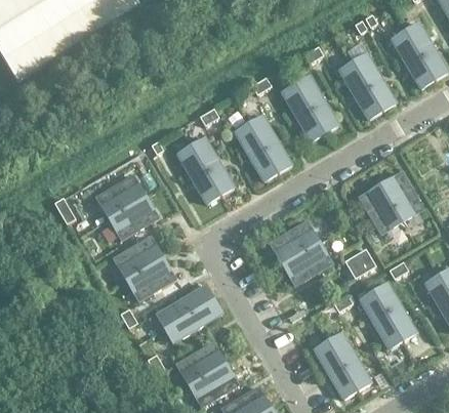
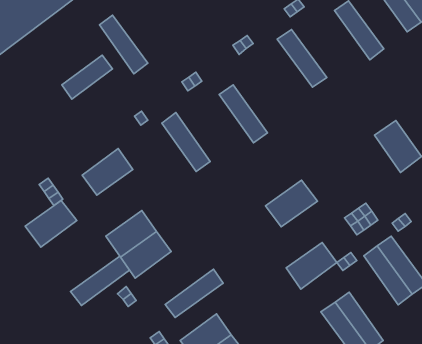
building: [338,60,381,119] -> none
building: [281,83,324,140] -> none
building: none -> [62,55,113,99]
building: [248,115,291,172] -> none
building: [191,136,234,195] -> [99,15,148,74]
building: [358,183,401,234] -> none
building: [108,196,158,239] -> [25,200,77,247]
building: [282,242,331,285] -> [286,242,337,289]
building: [155,284,213,328] -> [71,256,130,305]

